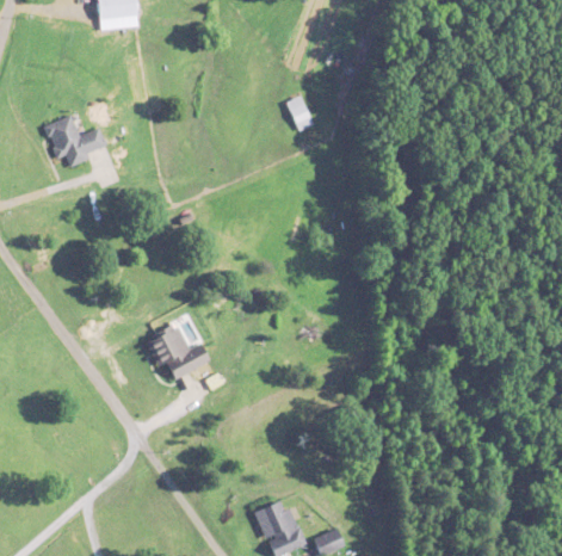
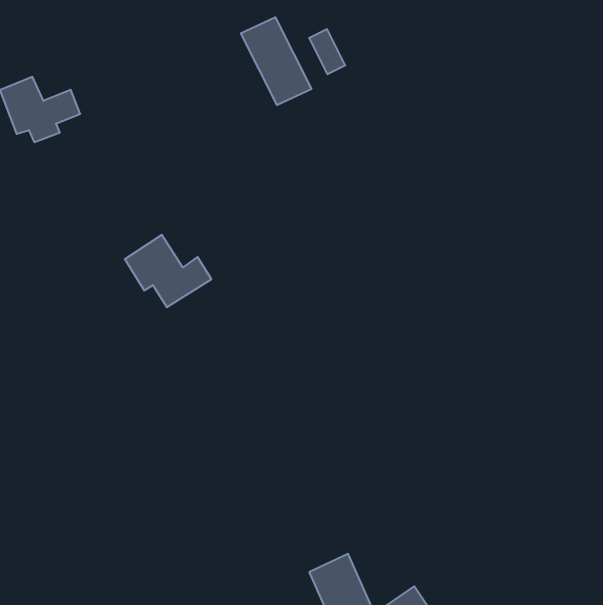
building: none -> [241,17,311,105]
building: [146,325,211,381] -> [125,235,211,307]

